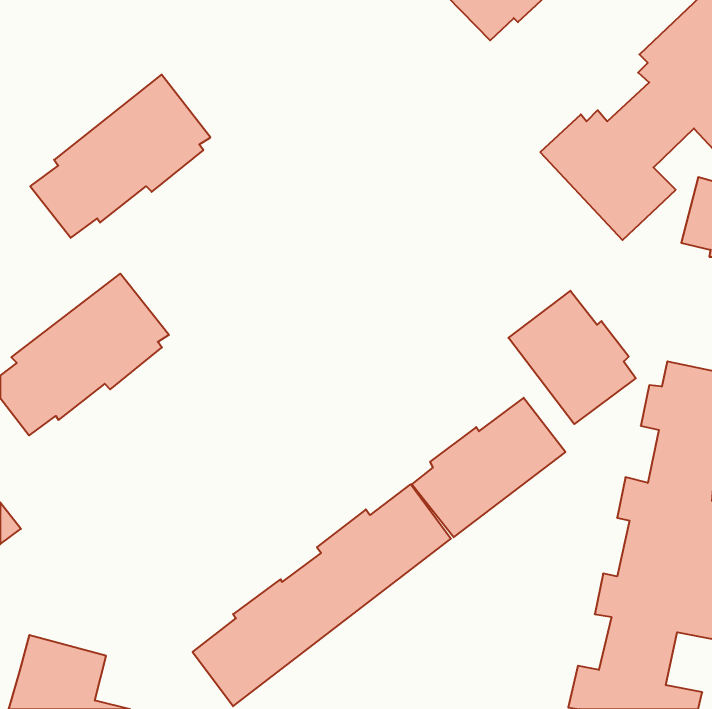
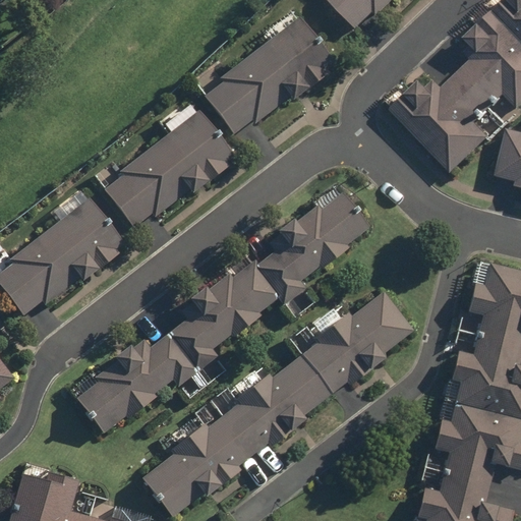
building: none -> [202,18,334,137]
building: [30,75,210,238] -> [102,111,233,230]
building: none -> [75,191,368,431]
building: [508,291,636,424] -> none

